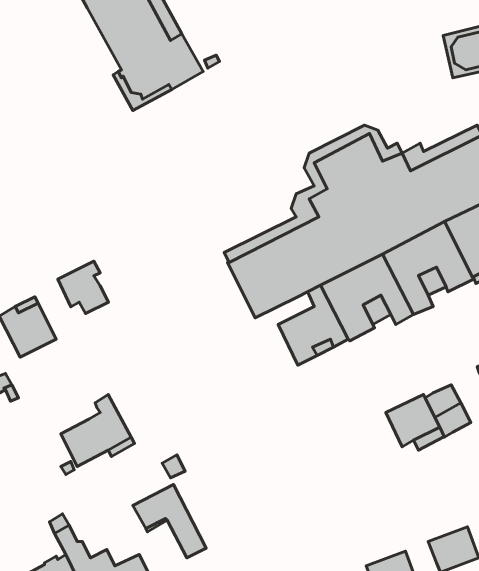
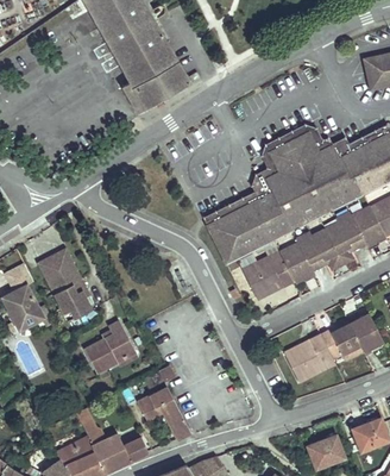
building: [58,261,108,314] -> [55,281,92,319]
building: none -> [284,334,335,383]

